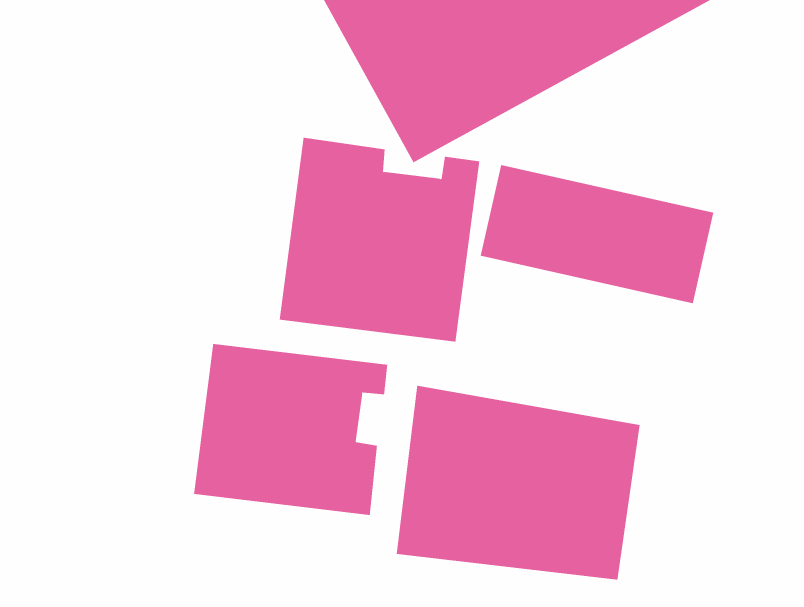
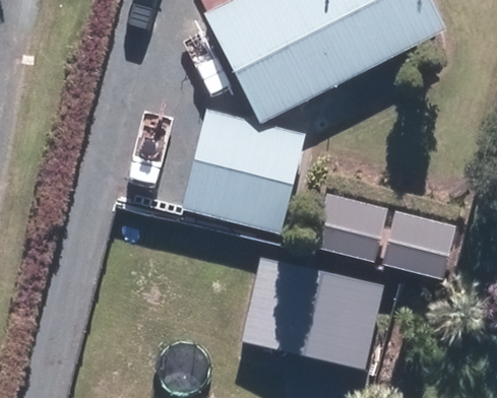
building: [480,164,714,304] -> [315,193,453,275]
building: [193,343,388,516] -> none

